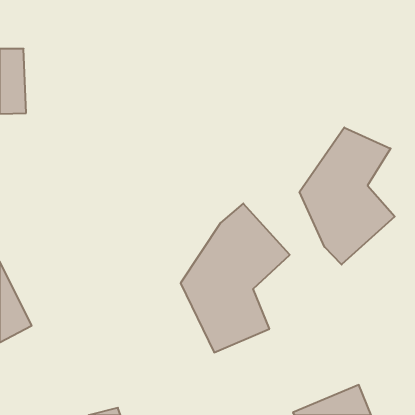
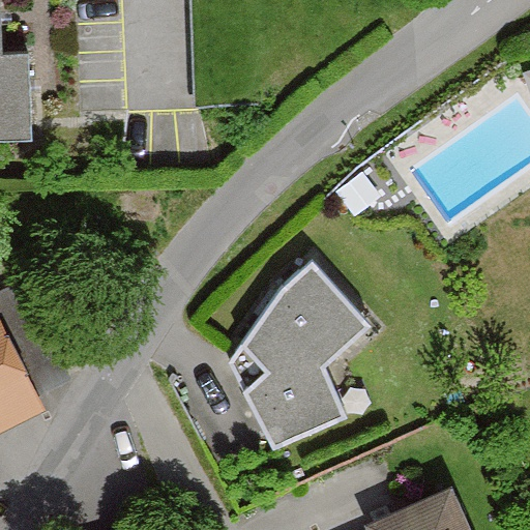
building: [300,127,395,265] -> none

